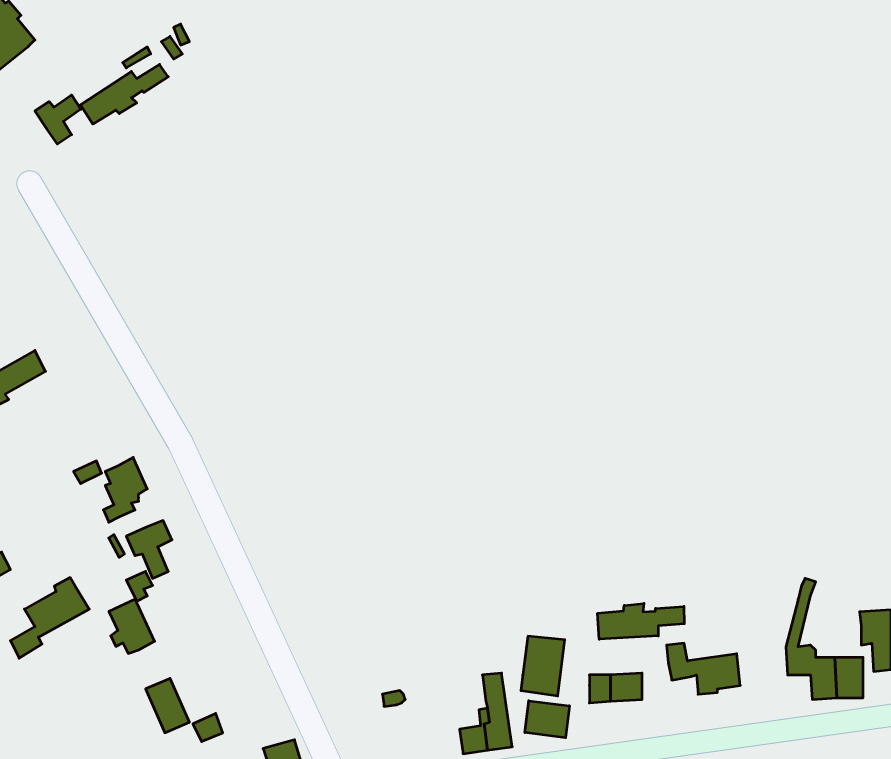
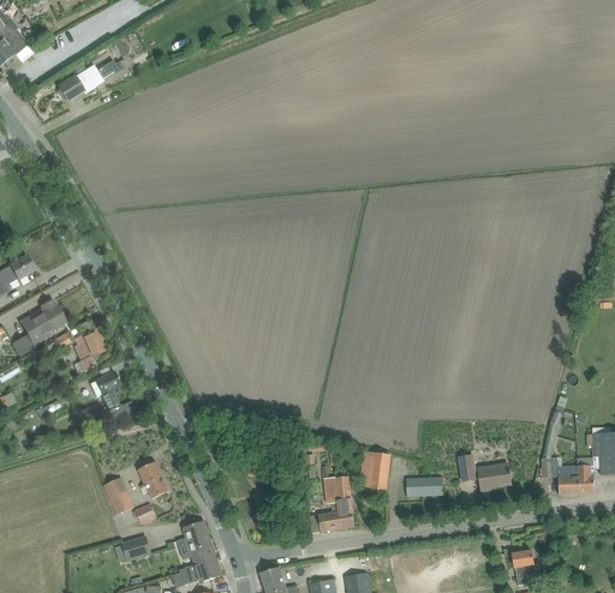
building: [35,95,81,144] -> none
building: [10,578,89,658] -> [11,300,65,355]
building: [109,599,155,653] -> [137,462,168,499]
building: [598,603,684,639] -> none
building: [525,701,569,738] -> none

